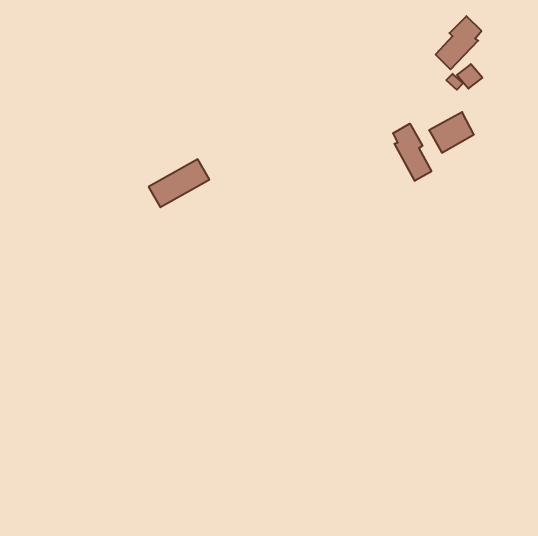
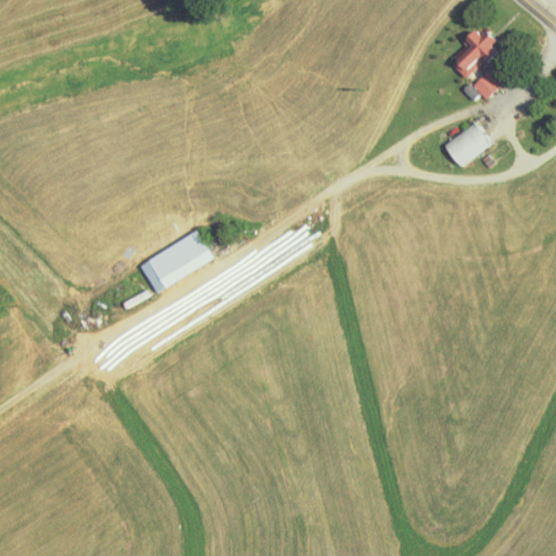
building: [393,124,431,181] -> none
building: [149,159,209,207] -> [149,232,211,281]

